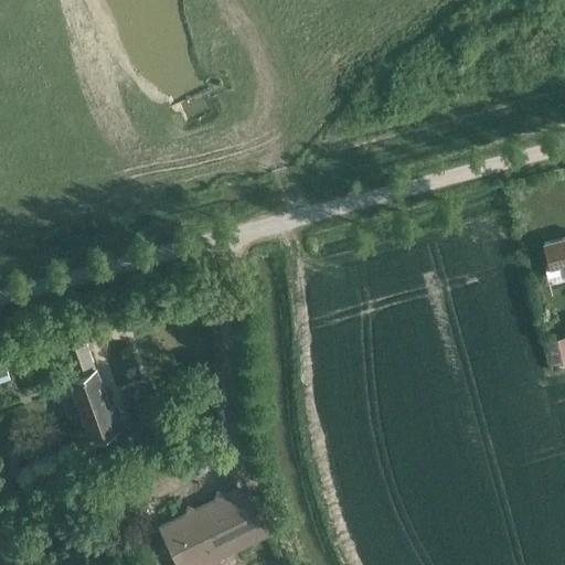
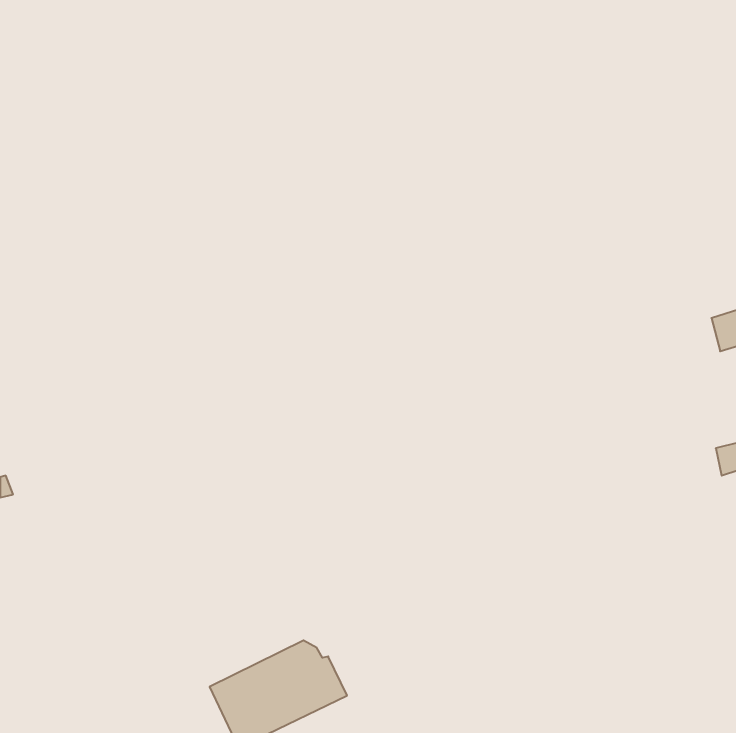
building: [65,342,118,441] -> none

